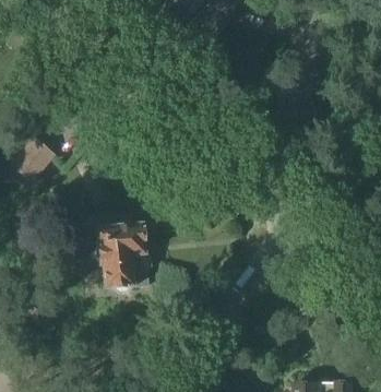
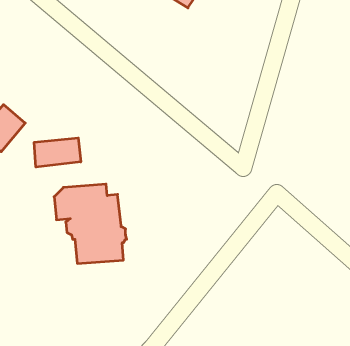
building: none -> [34,138,81,167]

